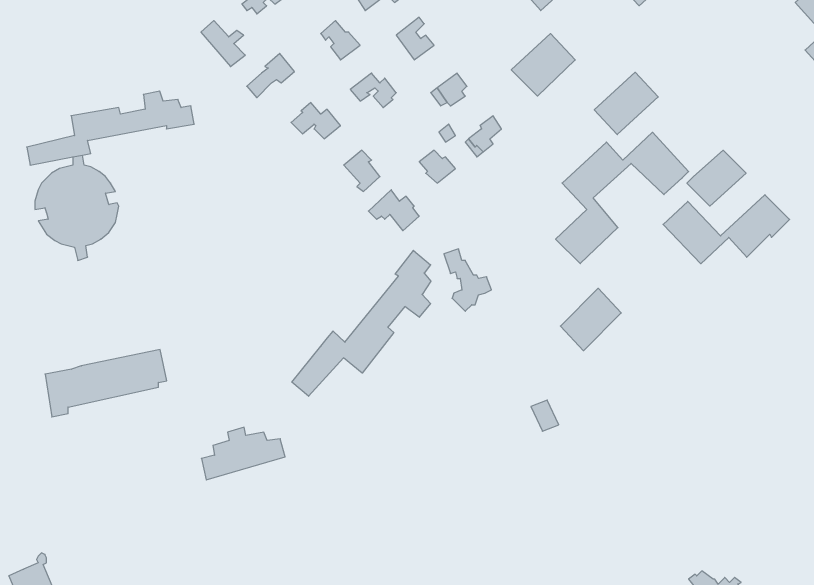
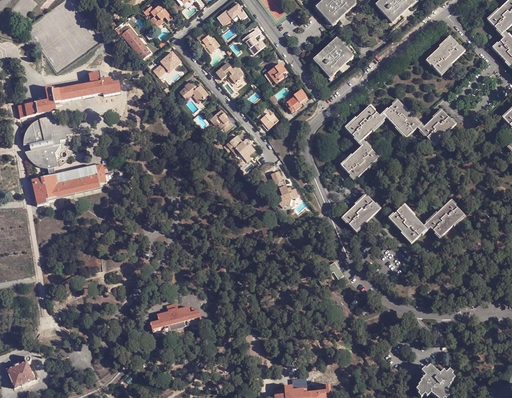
building: [594,72,658,135] -> [426,36,465,74]
building: [663,195,790,264] -> [389,199,466,241]
building: [292,250,431,396] -> none
building: [45,350,167,417] -> [33,164,107,205]
building: [201,427,285,480] -> [150,302,201,334]

